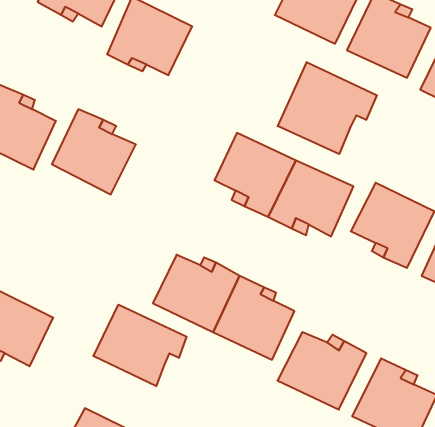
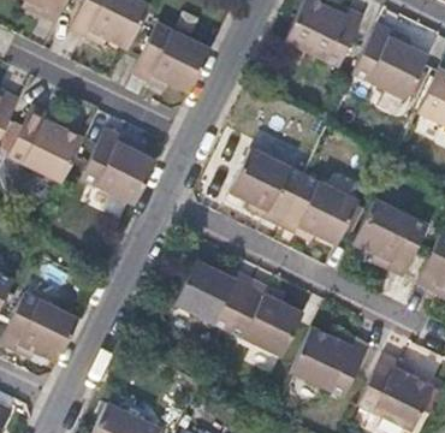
building: [278,62,377,154] -> none
building: [93,305,187,386] -> none

